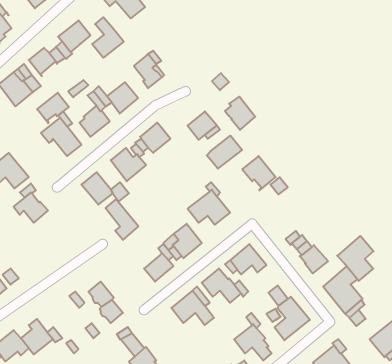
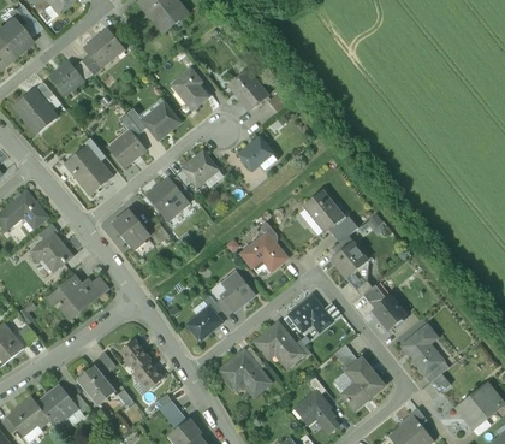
building: [92,17,124,58] -> none
building: [37,93,69,123] -> none
building: [225,97,255,130] -> [231,71,267,111]
building: [207,136,242,169] -> none
building: [106,199,138,240] -> none
building: none -> [331,242,367,277]
building: none -> [50,277,101,318]
building: [337,236,374,281] -> none
building: none -> [76,366,114,405]

